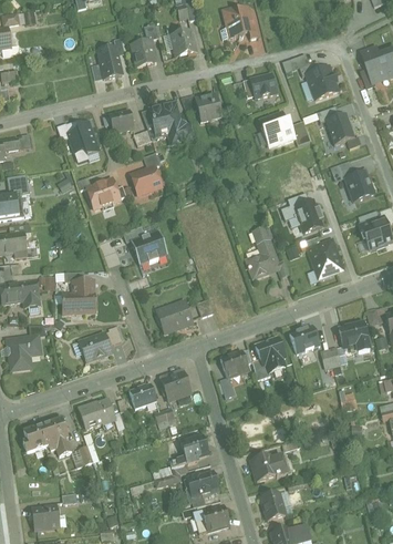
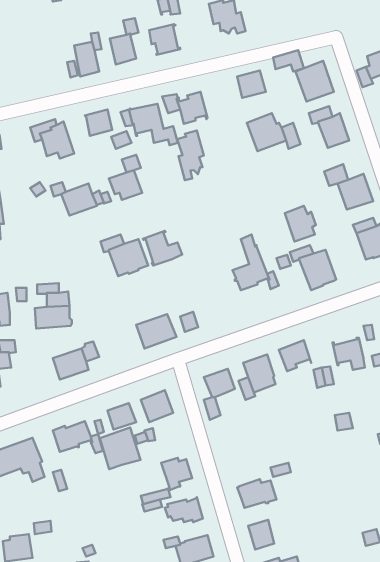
building: none -> [177,130,204,180]
building: none -> [143,231,182,265]
building: none -> [100,428,140,469]

